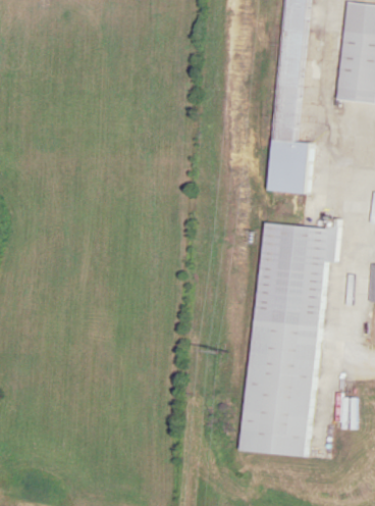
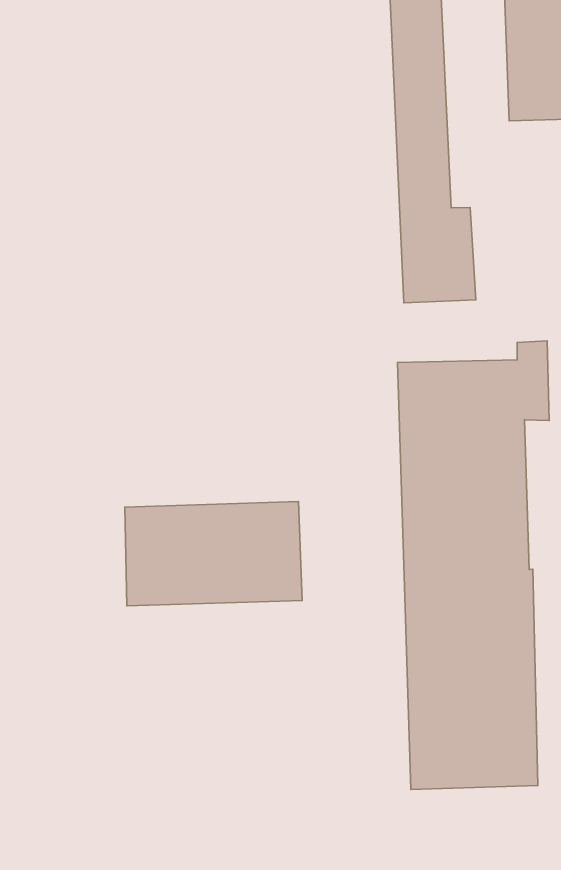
building: none -> [125,502,302,606]

